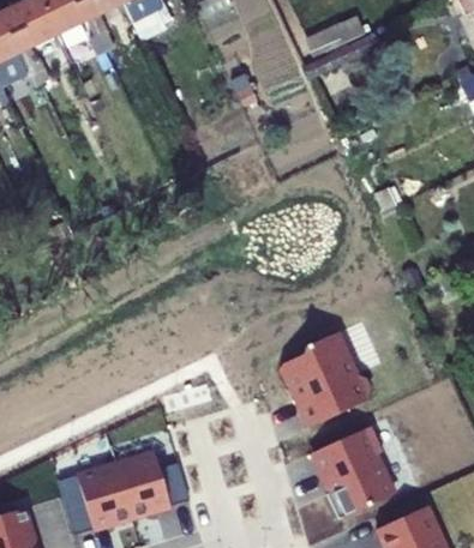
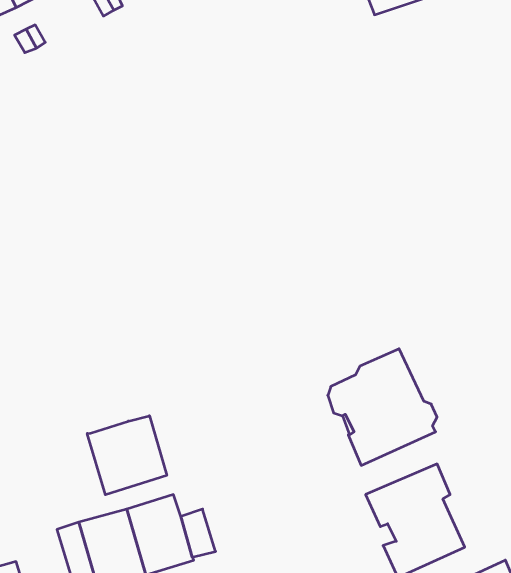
building: none -> [87,416,167,495]

